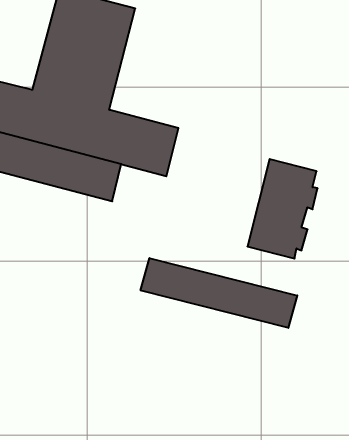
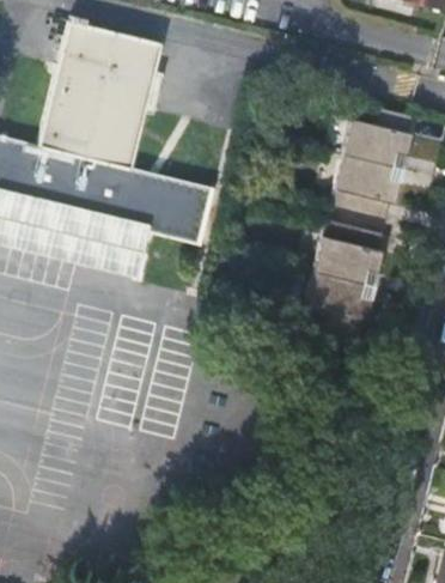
building: none -> [325,115,410,229]
building: [141,258,297,328] -> none

